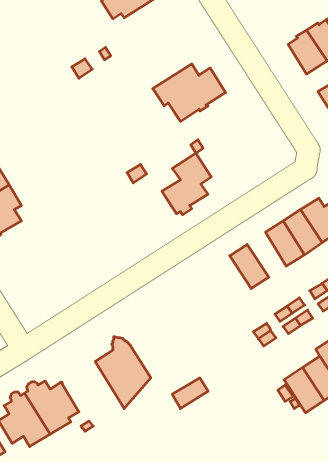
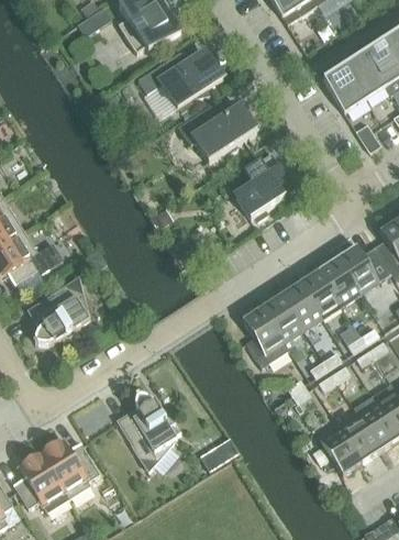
building: none -> [137,49,222,107]
building: [162,153,211,215] -> [234,153,287,219]
building: none -> [26,276,88,342]
building: none -> [279,280,321,329]
building: none -> [241,306,289,366]

